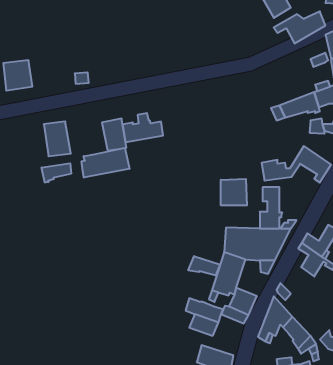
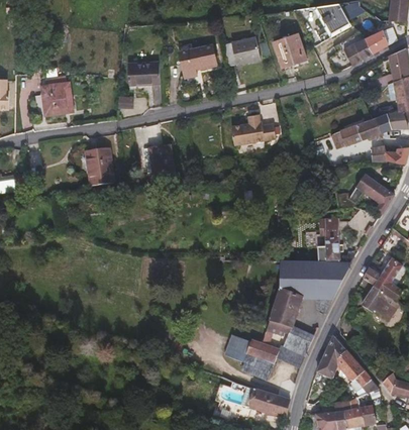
building: none -> [273,33,306,67]
building: none -> [224,37,260,66]
building: none -> [179,44,216,76]
building: none -> [128,63,160,85]
building: [123,113,163,142] -> [231,110,275,141]
building: [82,148,129,178] -> none
building: [42,163,71,183] -> none
building: [221,179,247,205] -> none
building: [188,256,220,275] -> none

